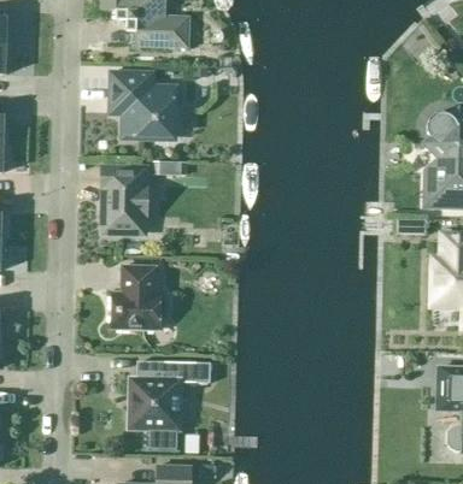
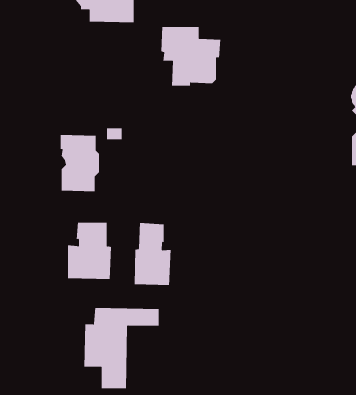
building: [109,72,176,138] -> [160,27,221,86]
building: none -> [134,222,171,286]

